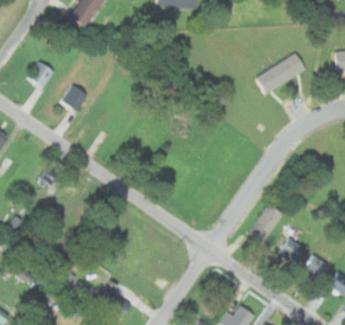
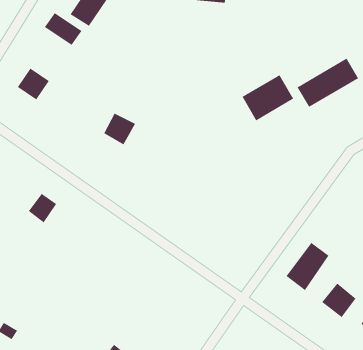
building: none -> [44,12,82,46]
building: none -> [241,74,294,121]
building: [60,85,87,112] -> [103,112,136,146]

